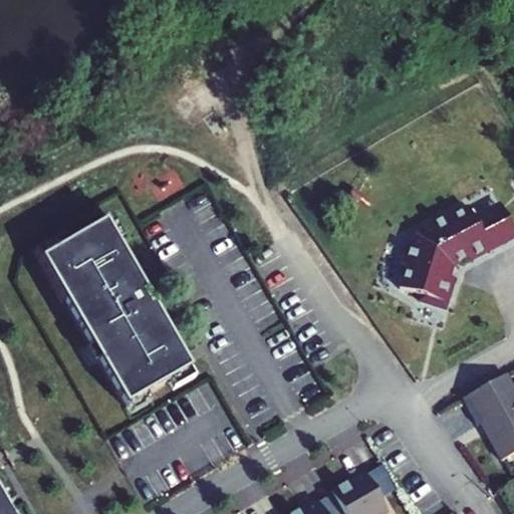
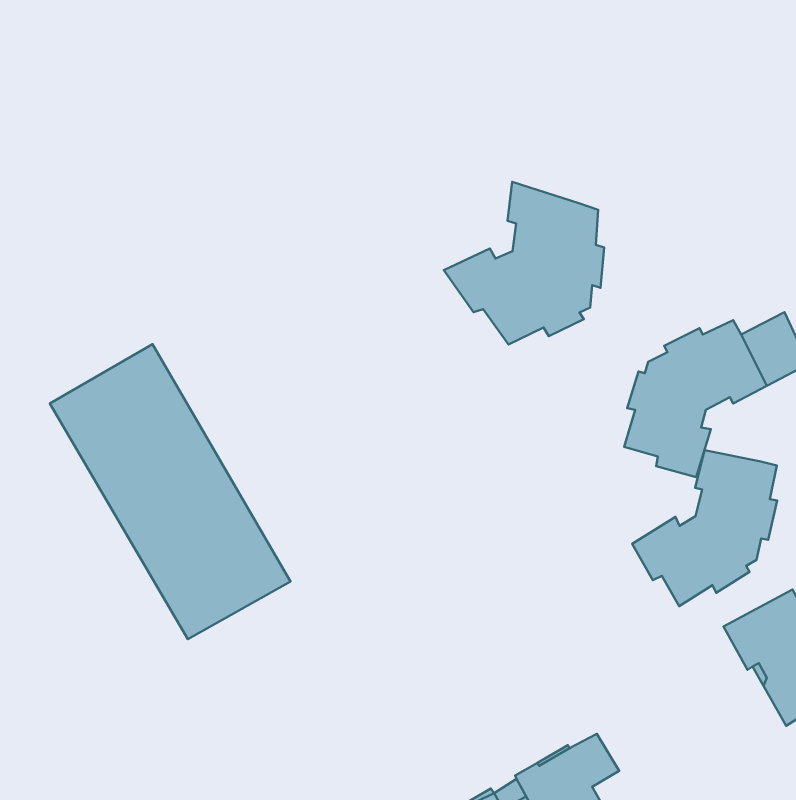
building: none -> [444,182,604,345]
building: none -> [632,450,777,606]

